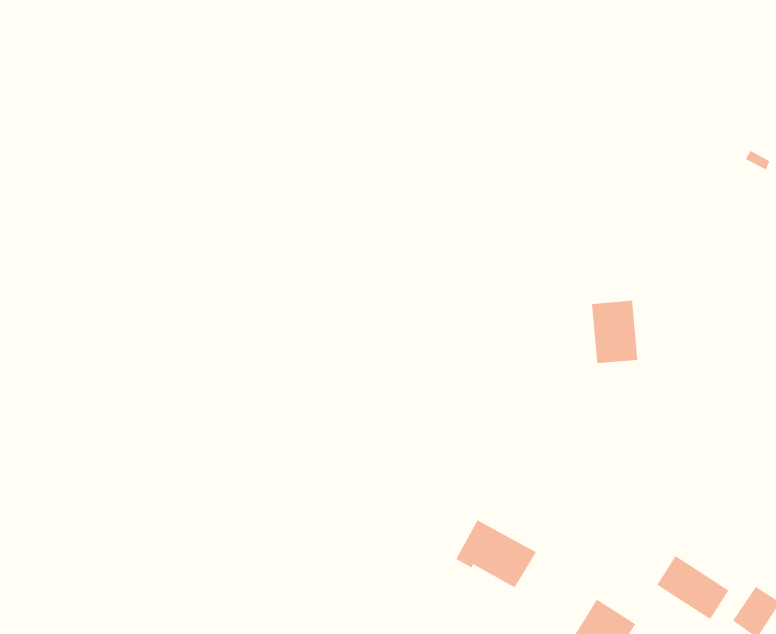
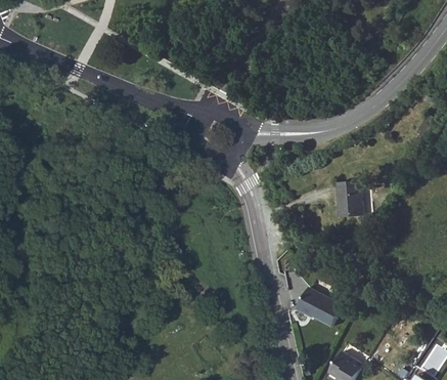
building: [455,519,537,588] -> [298,287,344,326]
building: [656,555,729,620] -> none

